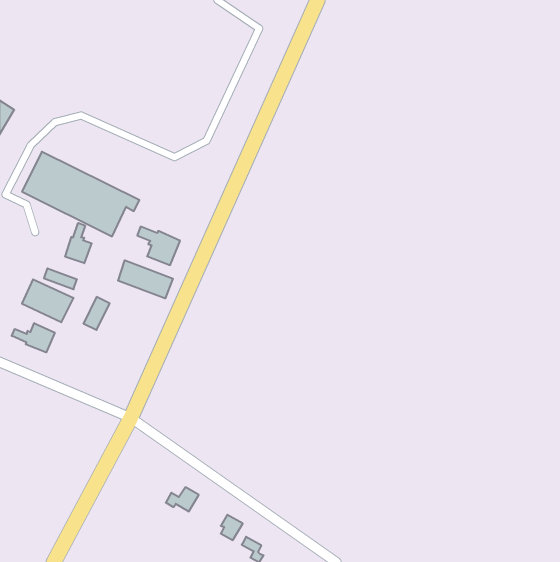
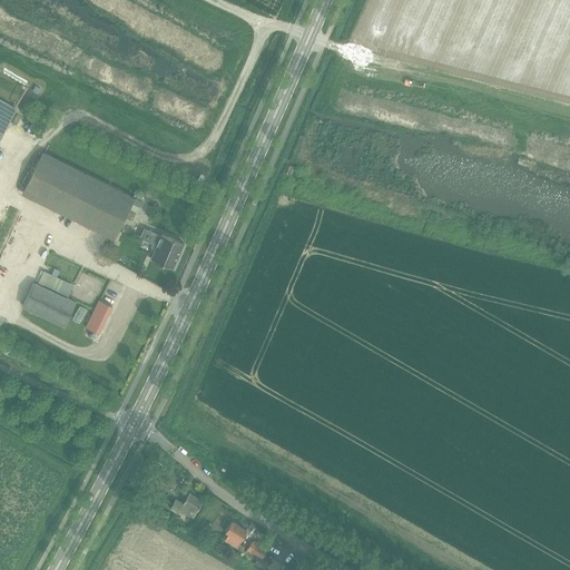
building: [65,223,92,263] -> none
building: [118,260,173,298] -> none
building: [12,323,55,352] -> none

